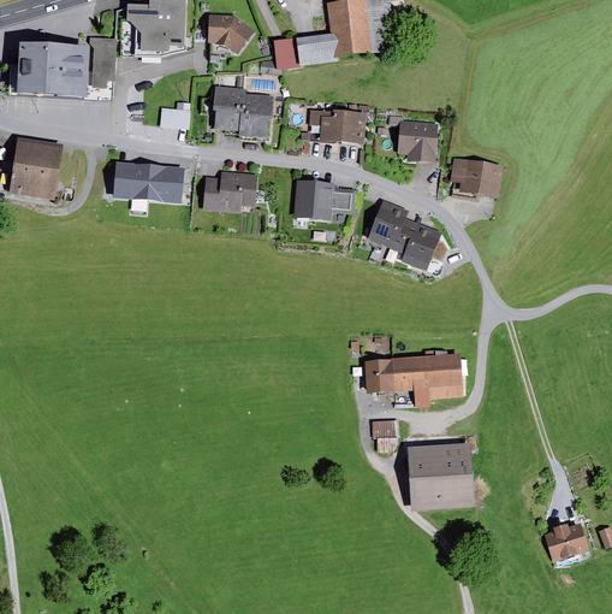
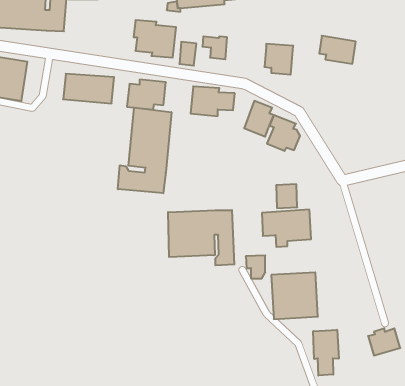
building: [159,106,189,129] -> none
building: [341,110,366,143] -> [179,42,196,66]
building: [450,157,501,196] -> [319,36,356,64]
building: none -> [118,108,171,193]
building: none -> [168,210,234,265]
building: [364,359,394,392] -> [276,184,297,208]
building: none -> [313,330,339,376]

